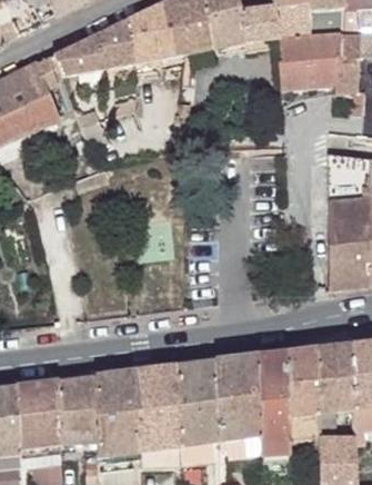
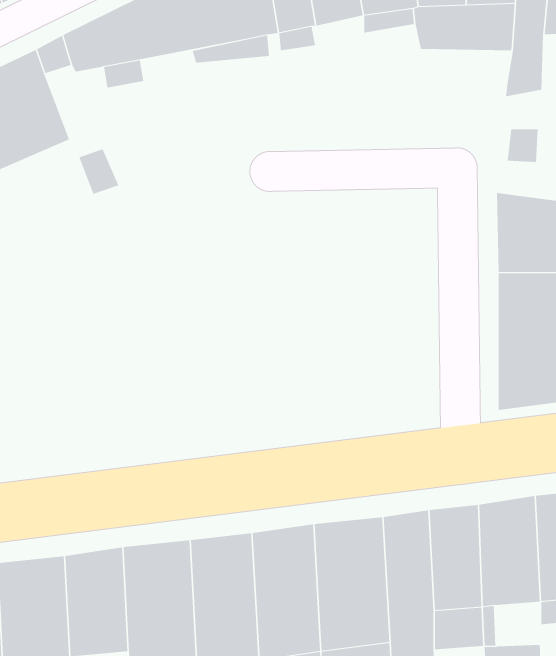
building: [281,61,339,86] -> none

